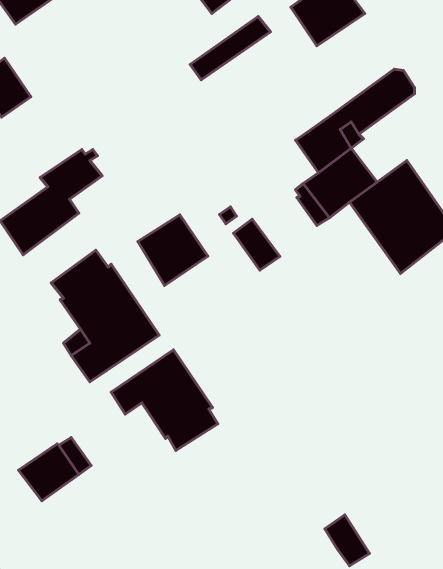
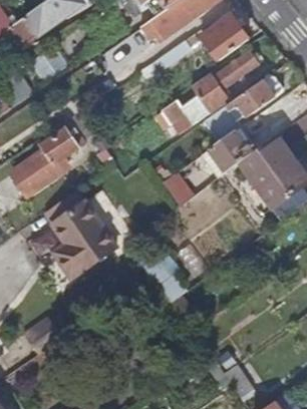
building: none -> [144,51,258,135]
building: [138,215,208,286] -> none
building: [111,350,218,450] -> none

